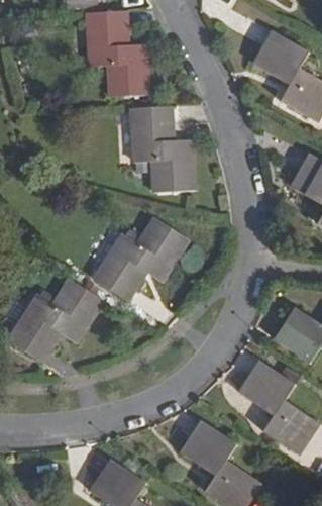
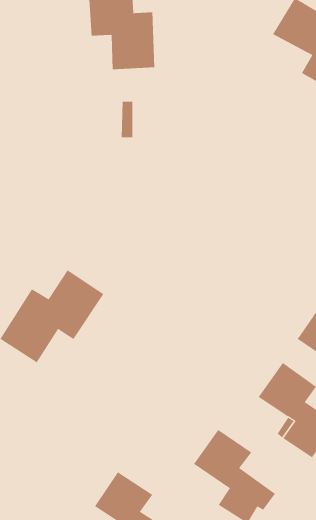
building: [129,106,193,191] -> none
building: [92,218,187,300] -> none

